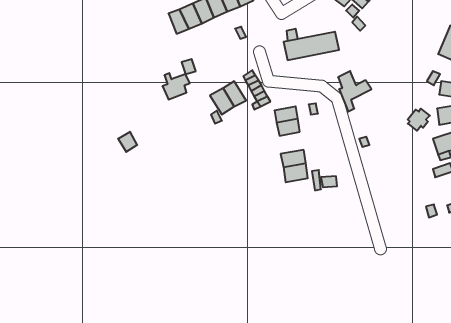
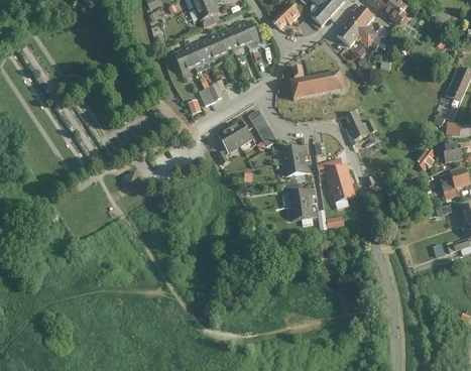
building: [162,73,190,99] -> [199,78,226,104]
building: none -> [325,164,355,202]

